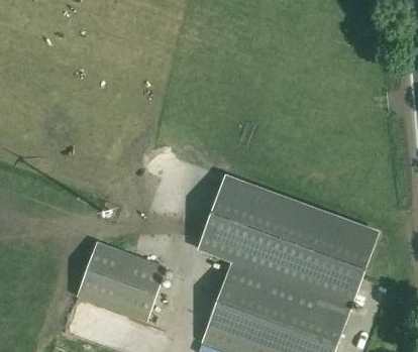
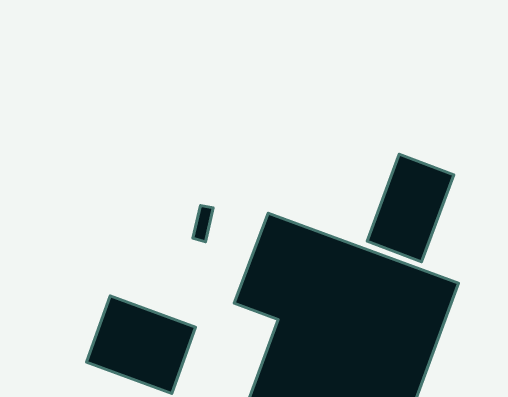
building: none -> [367,154,454,262]

